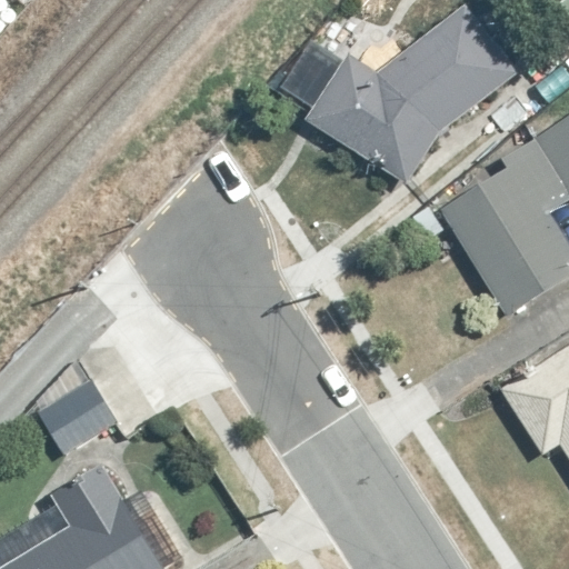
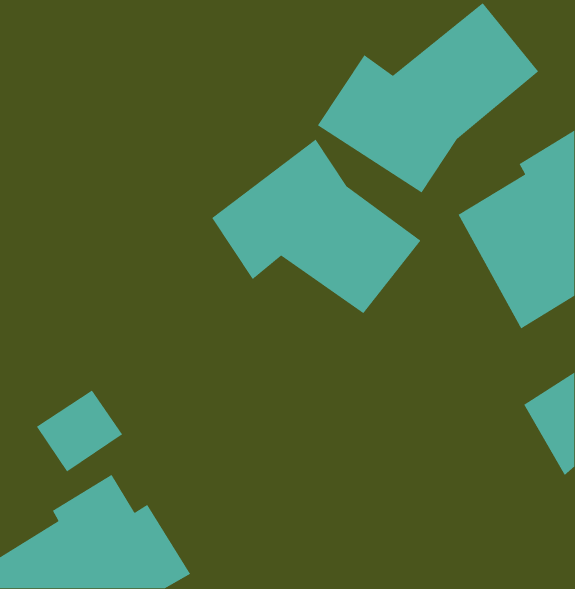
building: none -> [211,139,422,314]

